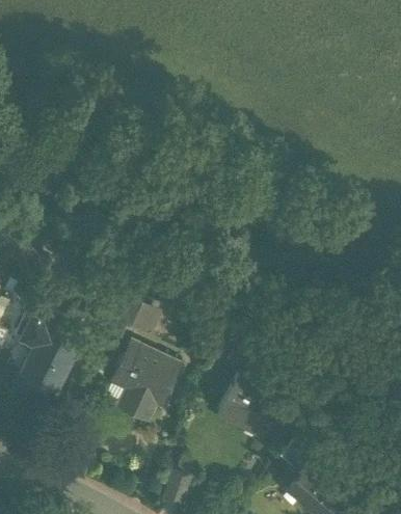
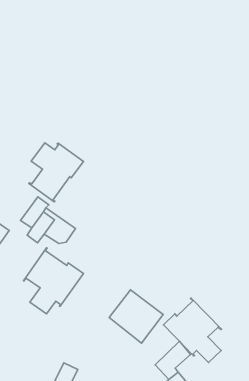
building: none -> [29,143,83,202]
building: none -> [163,298,221,363]

